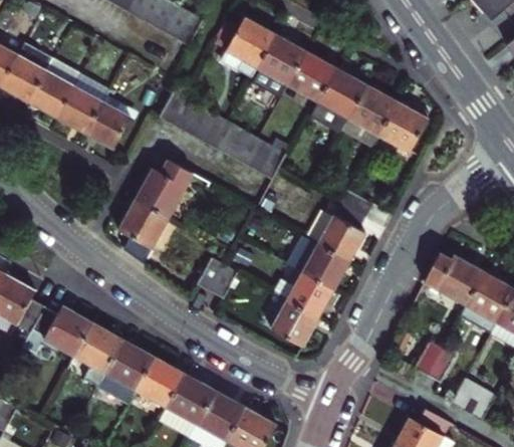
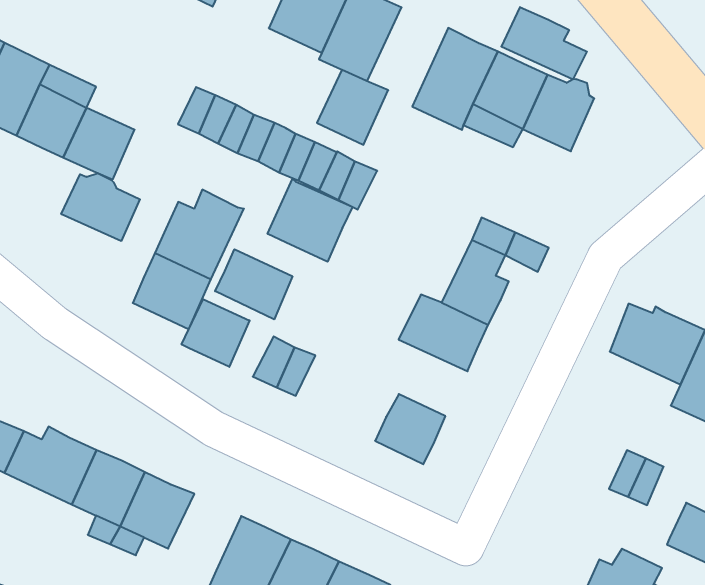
building: [287,50,334,99] -> [317,70,388,145]
building: none -> [501,7,587,79]
building: none -> [61,173,140,241]
building: none -> [268,179,352,262]
building: none -> [215,249,292,319]
building: none -> [182,299,250,367]
building: [275,264,333,315] -> none
building: [134,356,182,406] -> none

